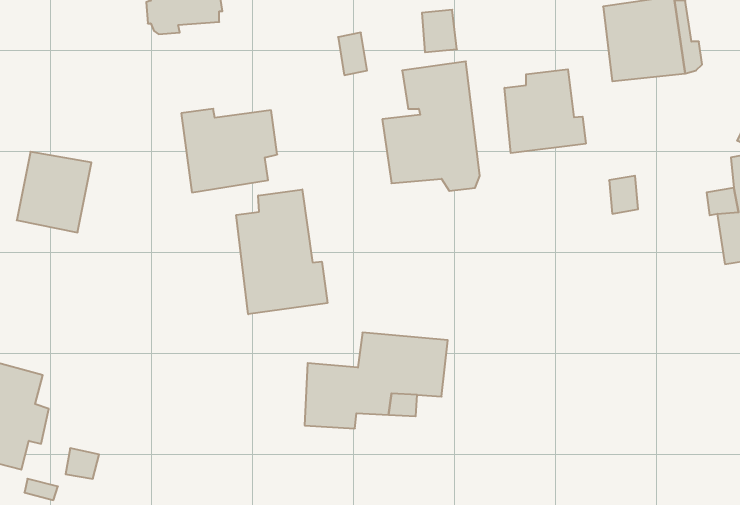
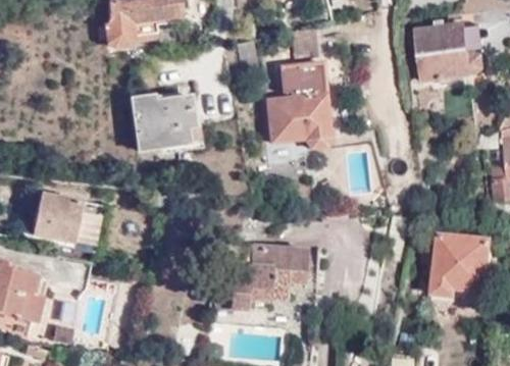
building: [505,69,586,153] -> none
building: [17,152,91,232] -> [33,191,83,245]
building: [236,189,327,314] -> none
building: none -> [434,230,494,305]

